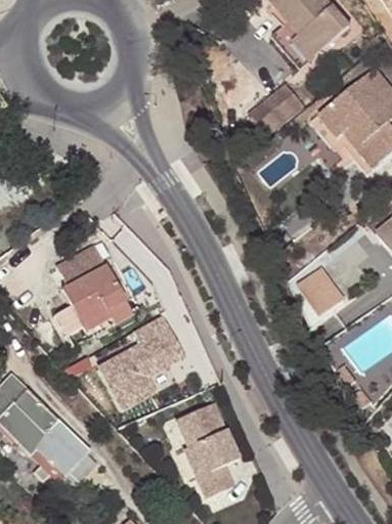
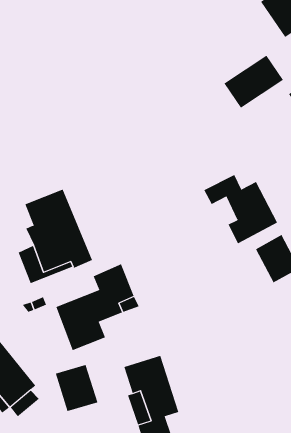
building: none -> [204,174,278,244]
building: none -> [55,364,98,412]

